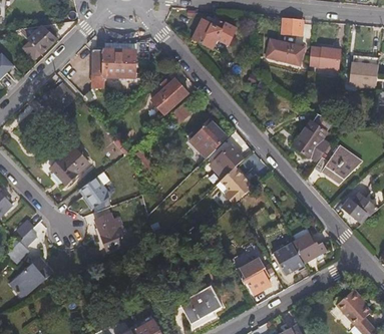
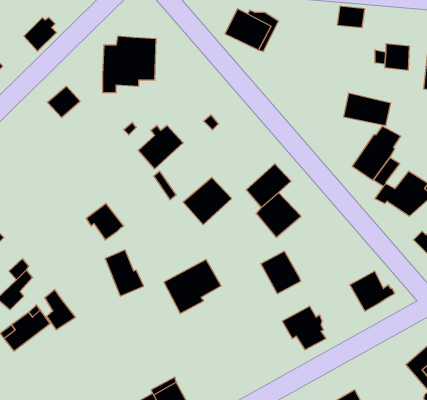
building: [267,40,305,66] -> [343,93,391,126]
building: [151,78,187,113] -> [138,125,183,169]
building: [186,117,226,155] -> [183,177,232,225]
building: [52,146,89,182] -> none
building: [272,241,304,275] -> [261,251,301,294]
building: none -> [45,289,76,330]
building: [175,285,222,328] -> [164,260,221,313]

